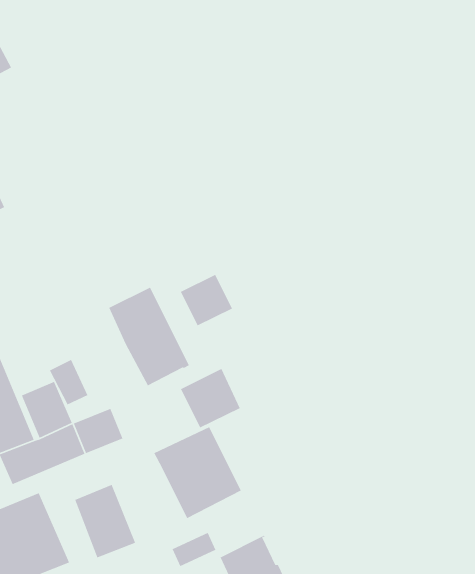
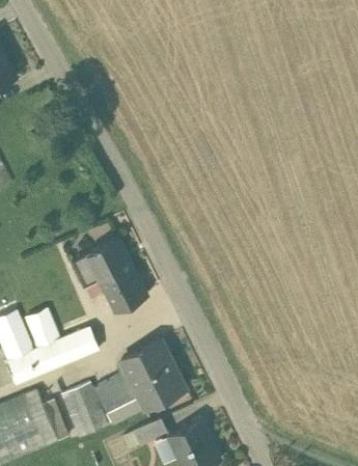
building: [180,274,233,327] -> none
building: [49,359,88,405] -> [71,253,100,287]
building: [180,368,241,428] -> none
building: none -> [94,372,145,424]

